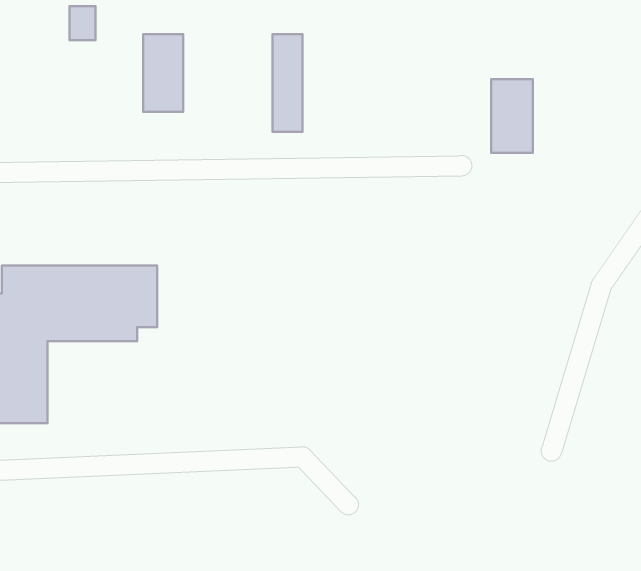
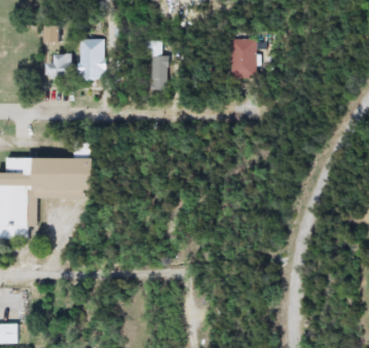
building: none -> [48,53,69,78]
building: [491,79,533,153] -> [230,39,252,77]

